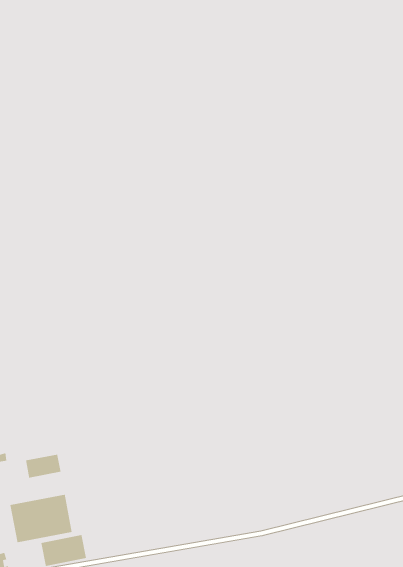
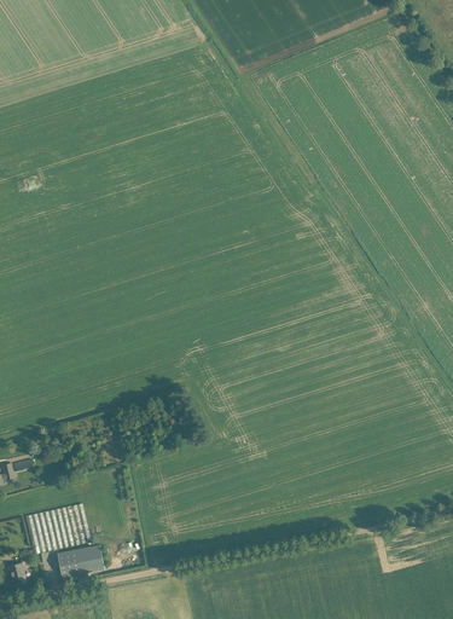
building: [25,454,61,478] -> none

